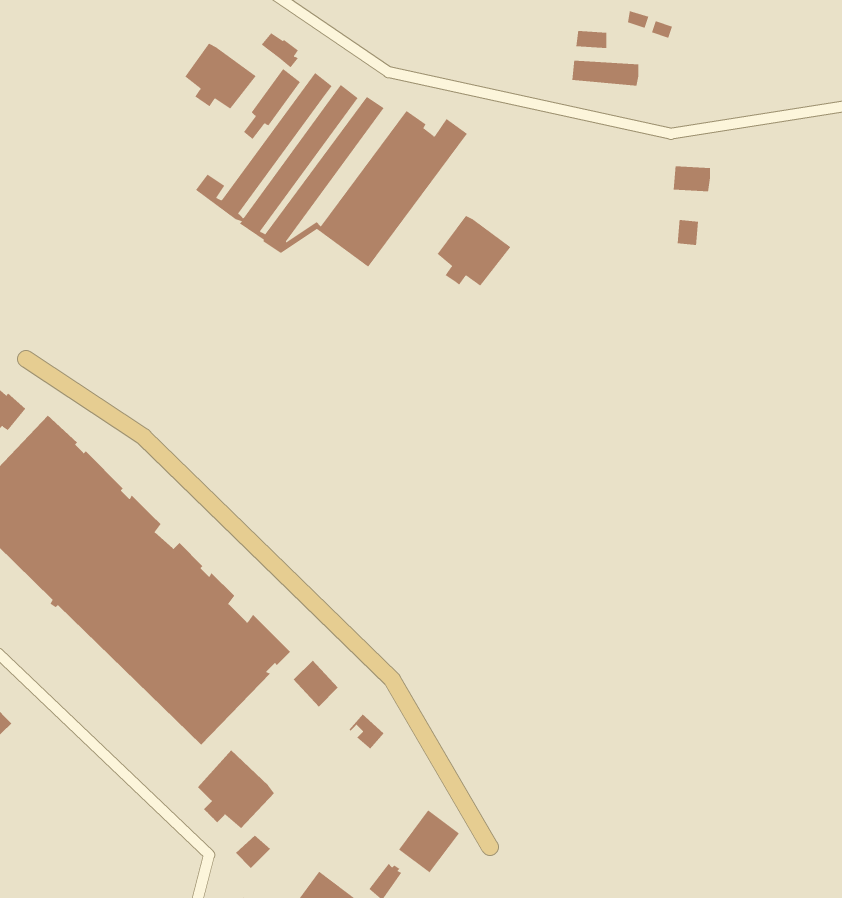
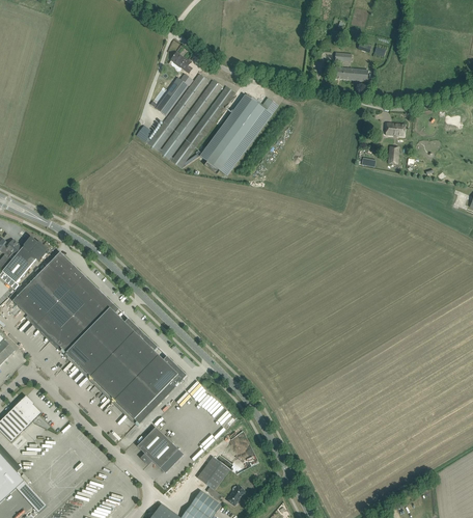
building: [184,43,256,110] -> none
building: [437,215,511,286] -> none
building: [398,810,460,873] -> [197,457,229,490]

